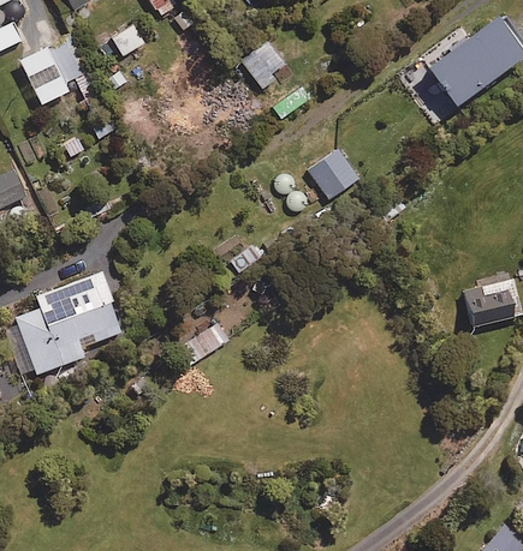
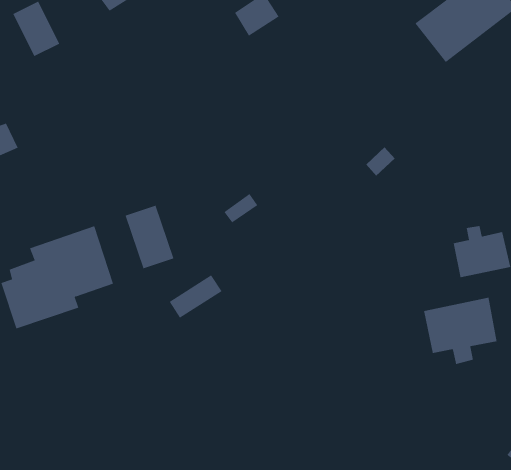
building: [310,146,361,197] -> none
building: none -> [125,205,174,269]
building: none -> [423,297,497,365]

